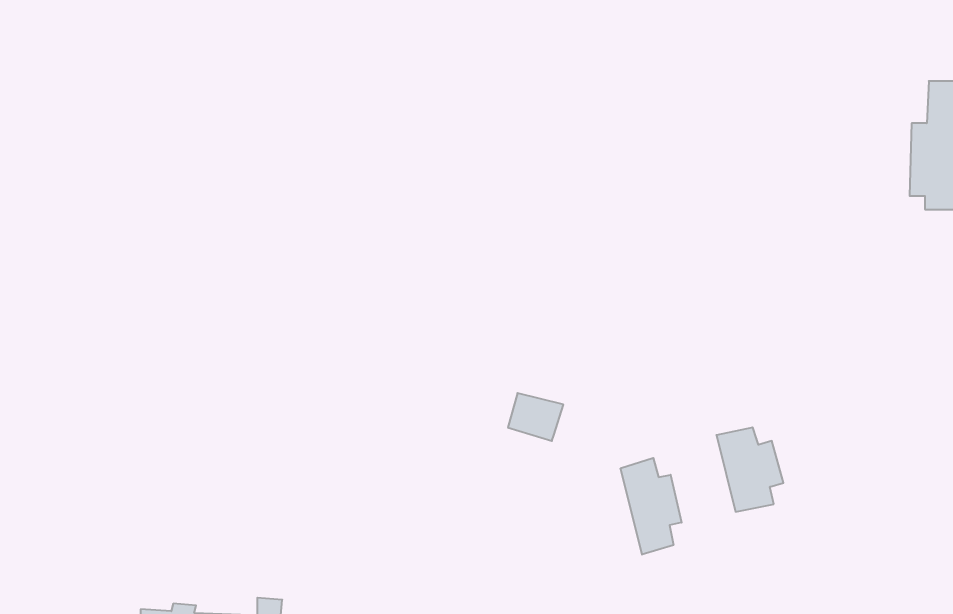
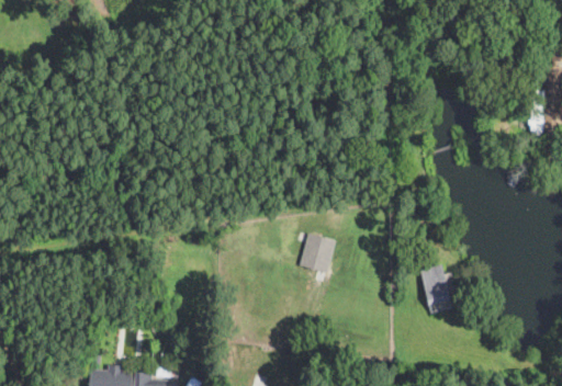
building: [621,458,682,555] -> none

